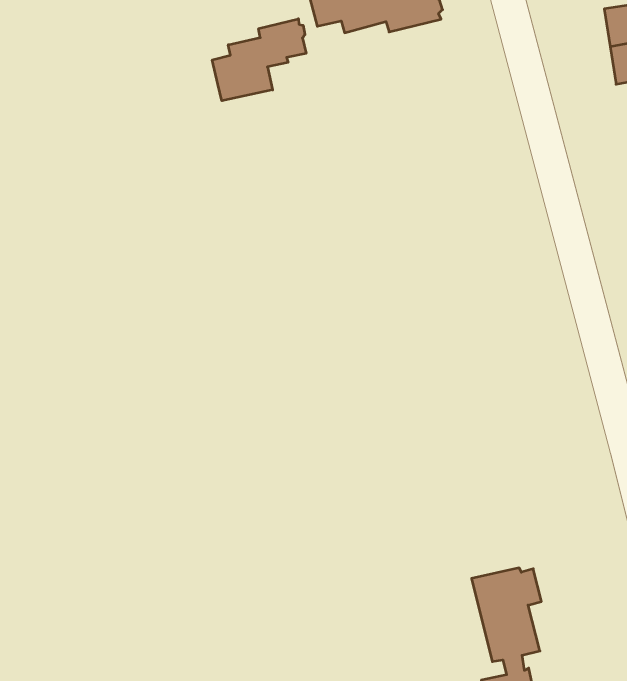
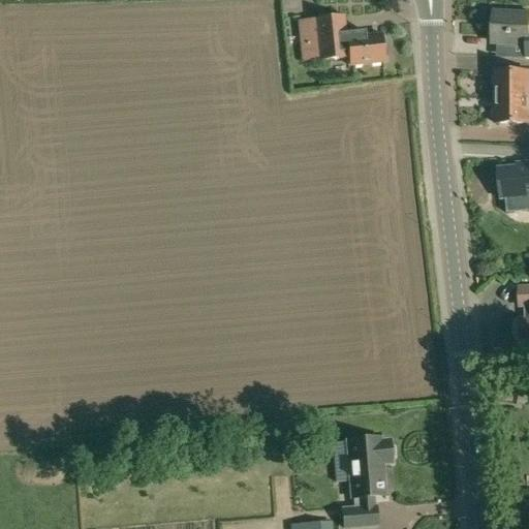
building: [212,19,306,101] -> none

